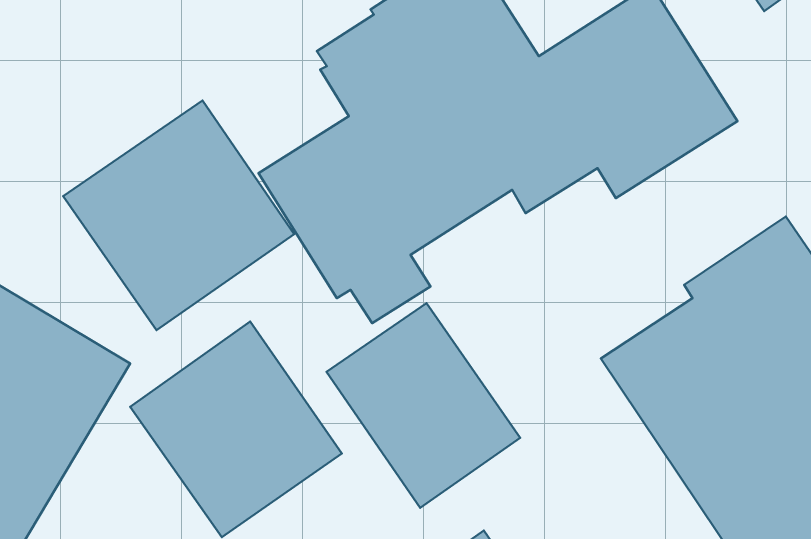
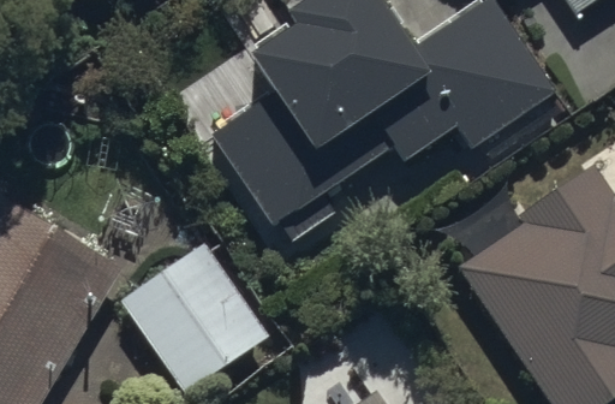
building: [63,100,294,330] -> none
building: [326,303,520,508] -> none

